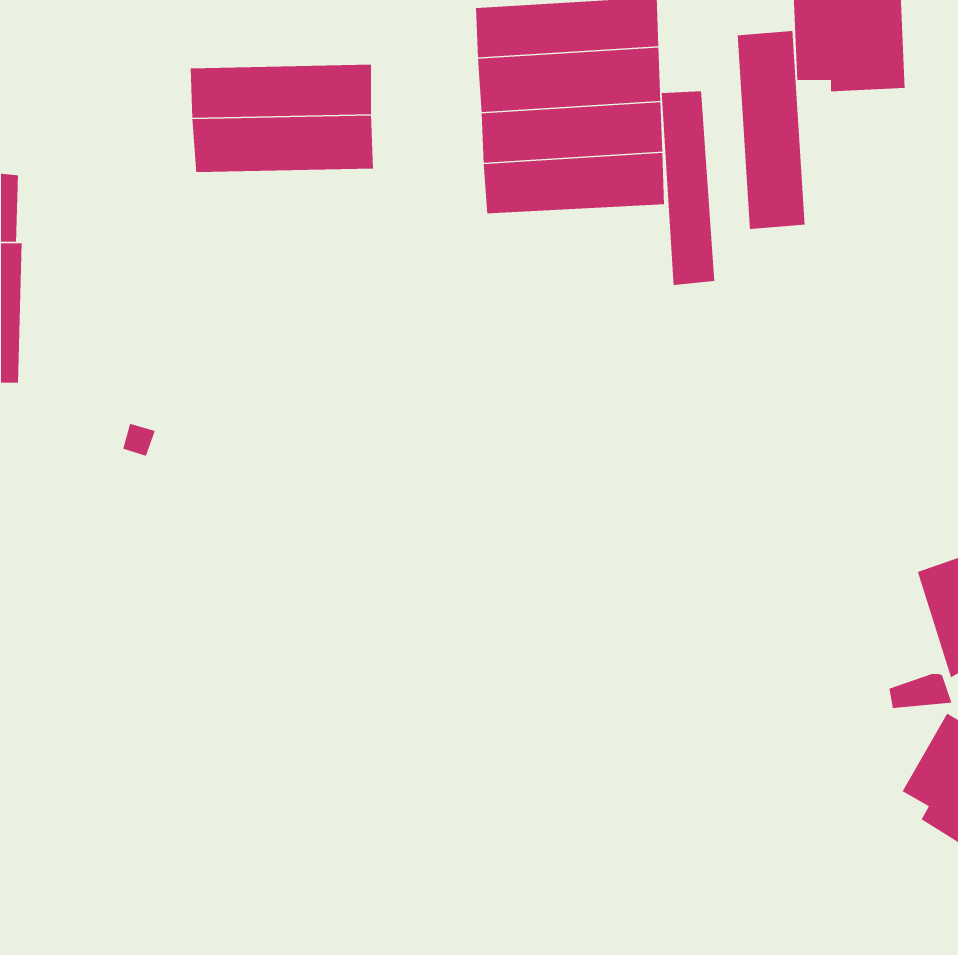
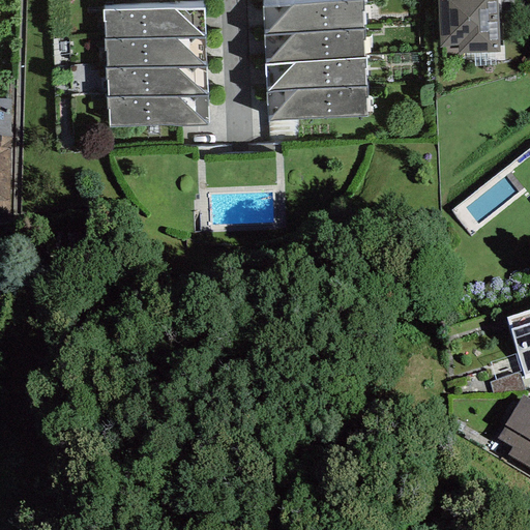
building: none -> [104,5,206,37]
building: [737,30,805,230] -> none
building: [661,91,715,286] -> none
building: none -> [109,93,208,124]

